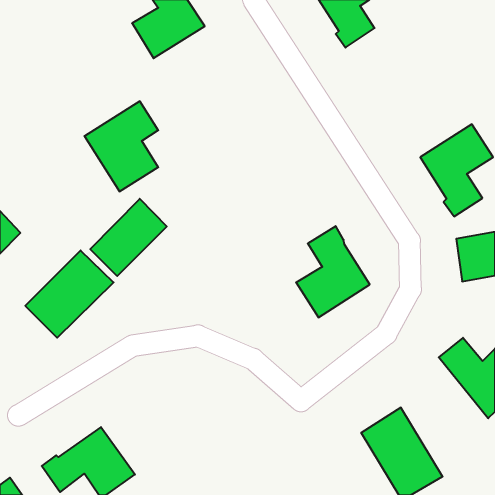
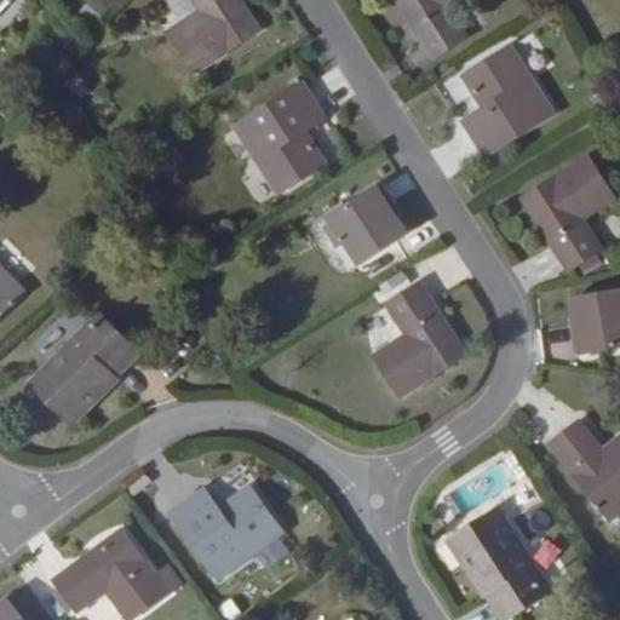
building: none -> [459,51,552,159]
building: [84,101,158,191] -> [232,82,325,195]
building: none -> [329,186,406,263]
building: [90,199,167,276] -> none
building: none -> [168,483,283,579]

